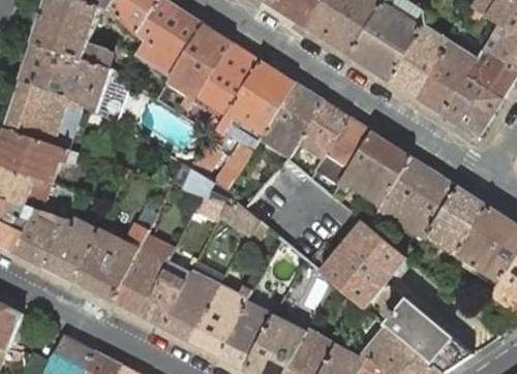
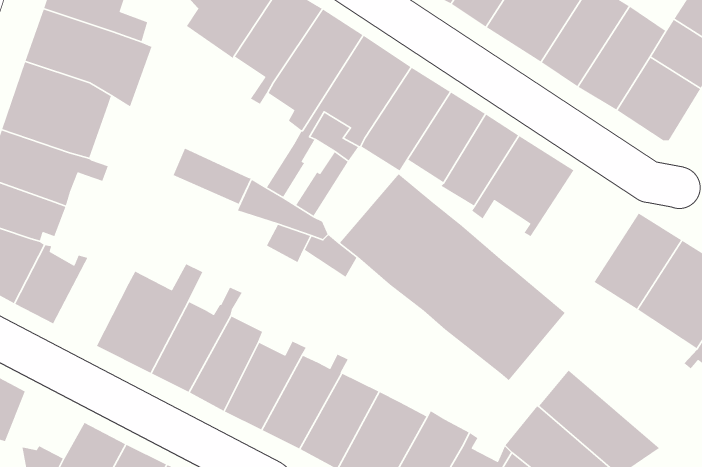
building: none -> [173,147,252,205]
building: [376,156,456,239] -> none
building: [40,221,93,281] -> none

